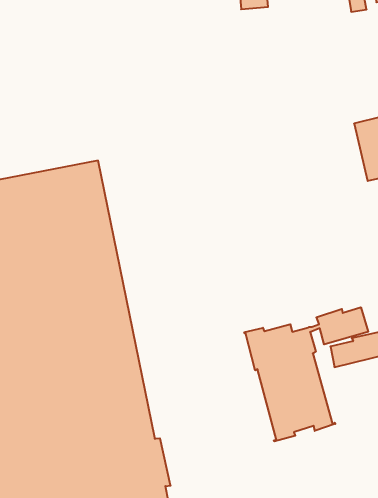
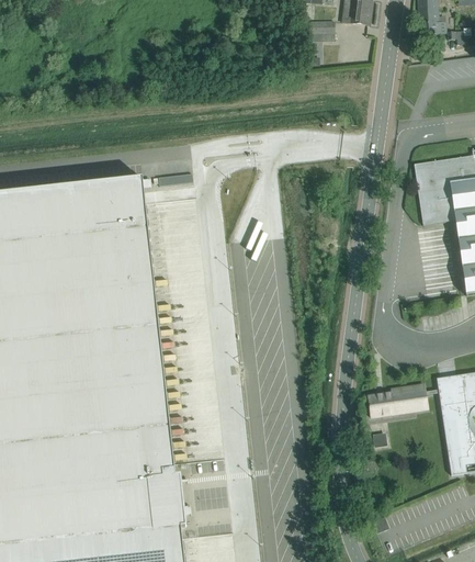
building: [244,307,368,441] -> none

